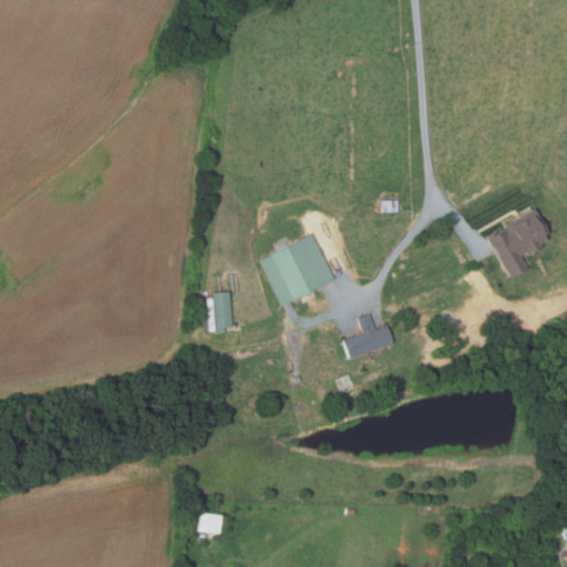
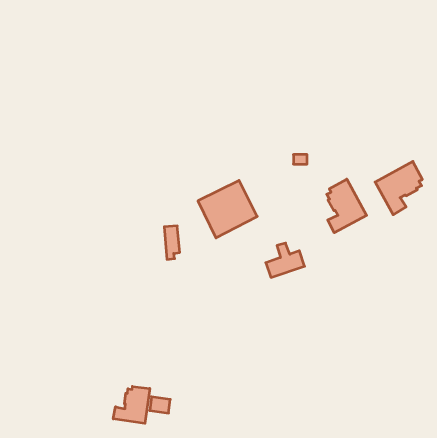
building: none -> [327,179,367,233]
building: none -> [113,386,150,423]

